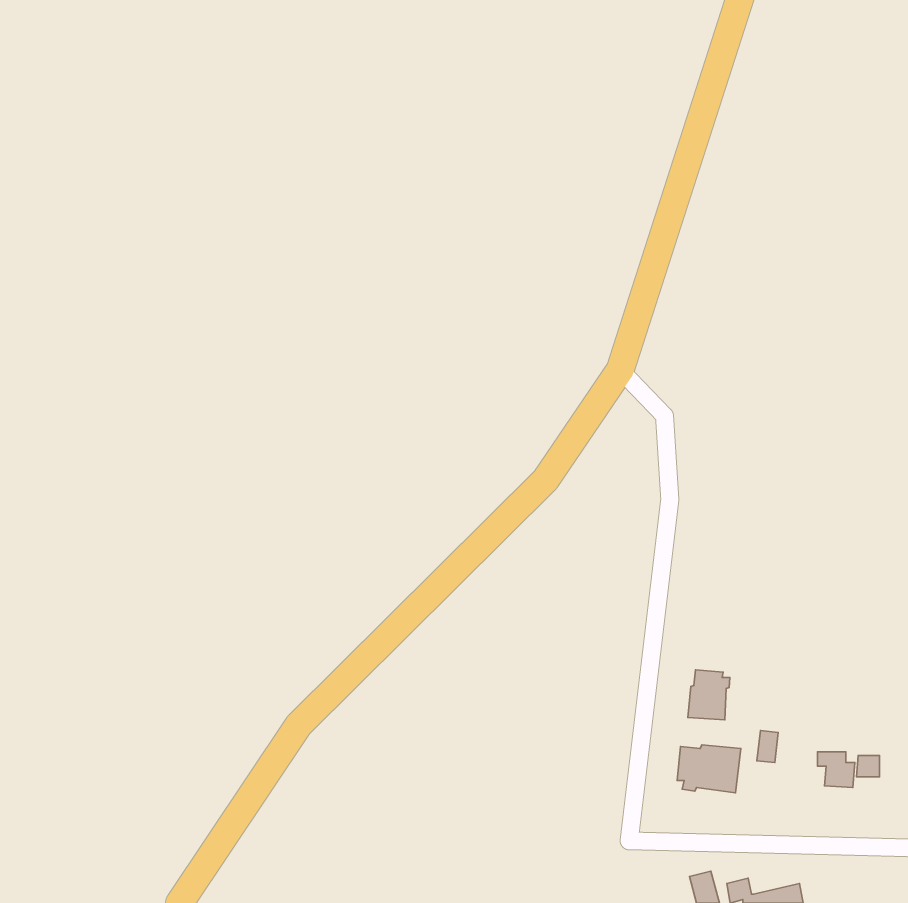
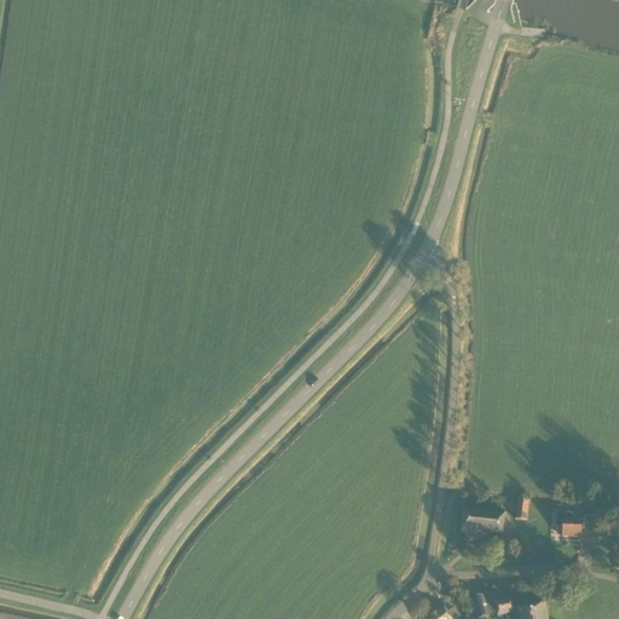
building: [688,670,730,720] -> none

